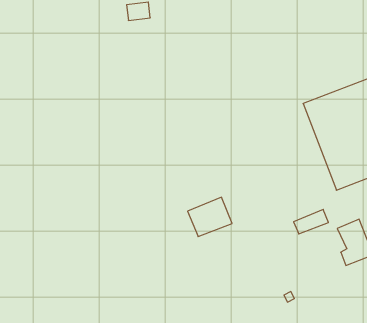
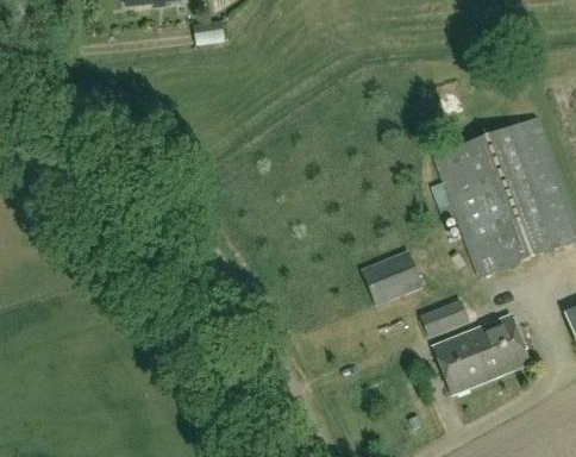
building: [188,197,232,237] -> [362,251,422,305]
building: none -> [433,327,494,394]

